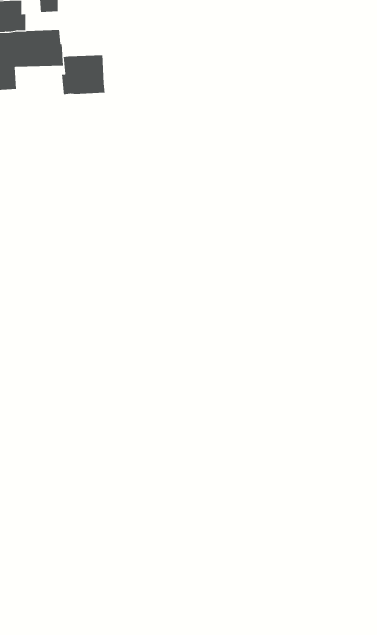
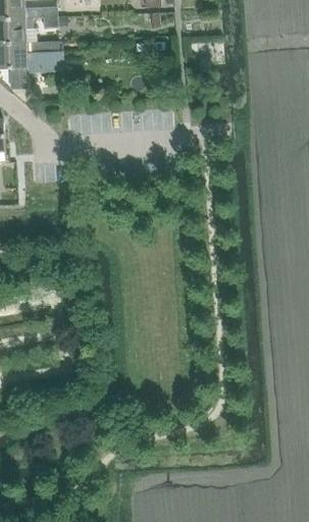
building: [62,55,105,95] -> none

